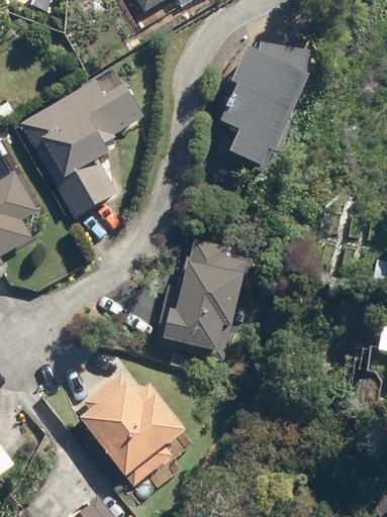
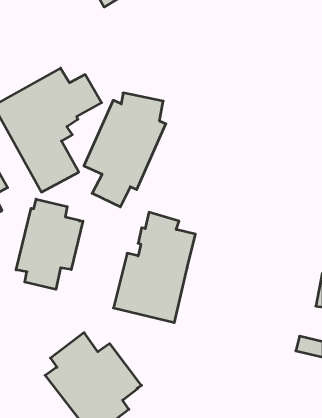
building: [219,41,310,168] -> [84,93,166,207]
building: none -> [16,199,83,289]

